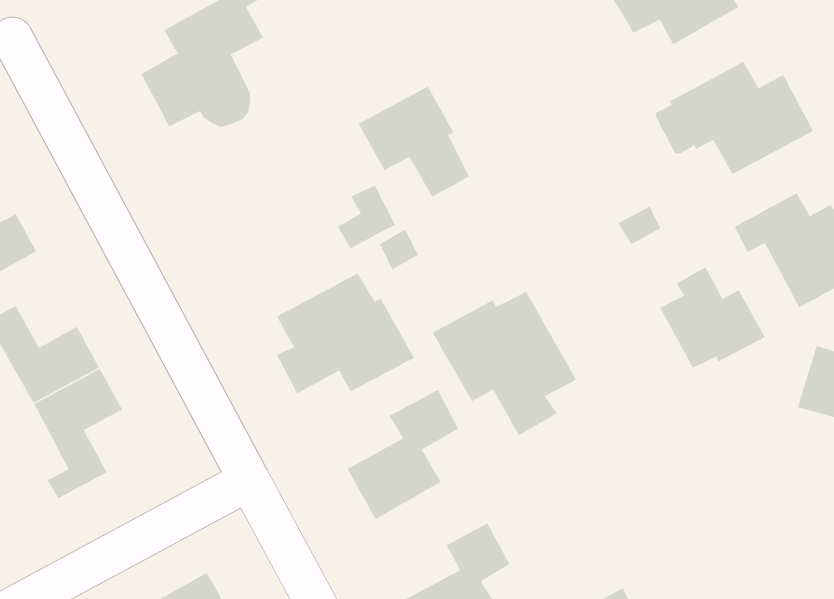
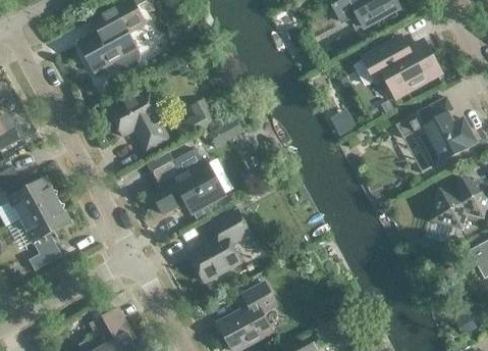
building: [358,85,470,198] -> [108,91,168,151]
building: [659,266,766,369] -> none
building: [432,291,577,436] -> none

